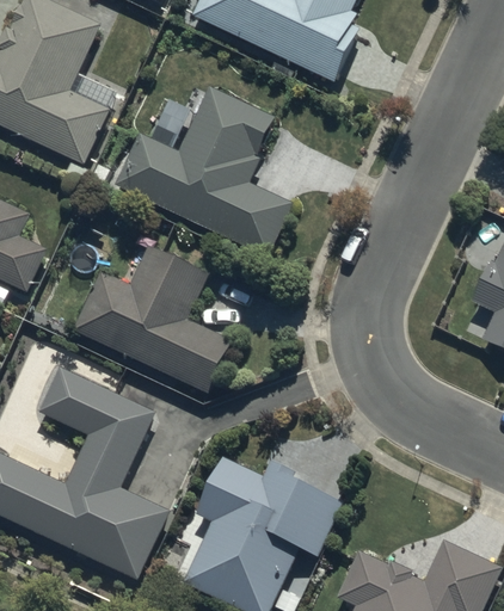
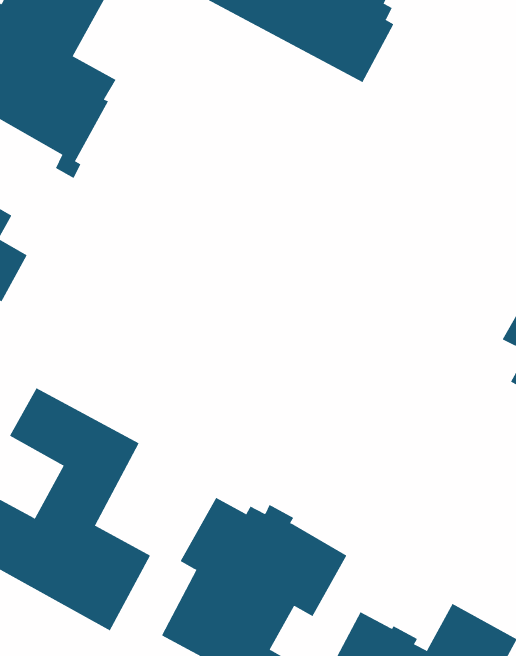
building: [116,86,294,257] -> none
building: [72,242,233,394] -> none

